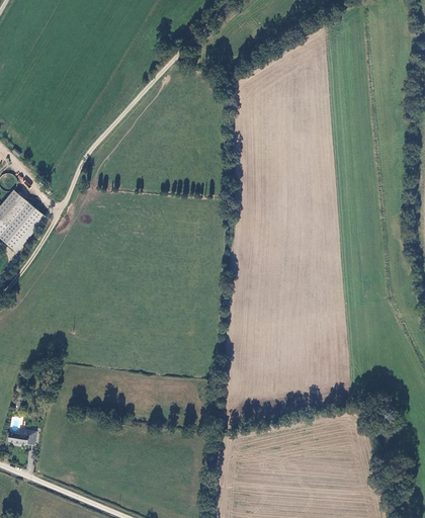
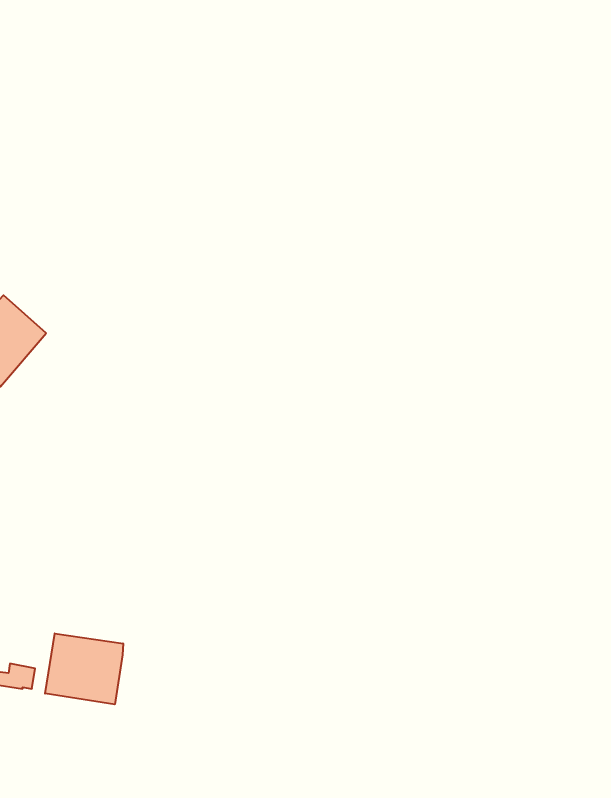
building: none -> [45,633,123,704]

